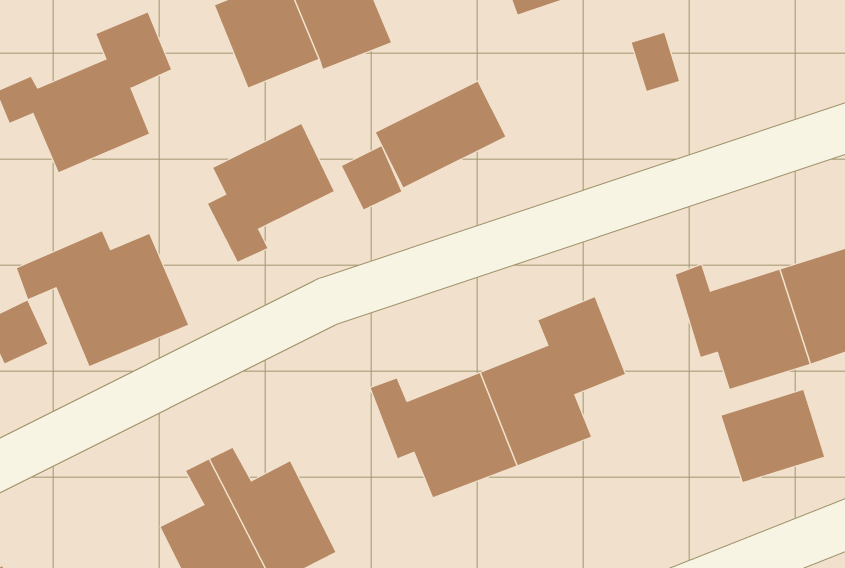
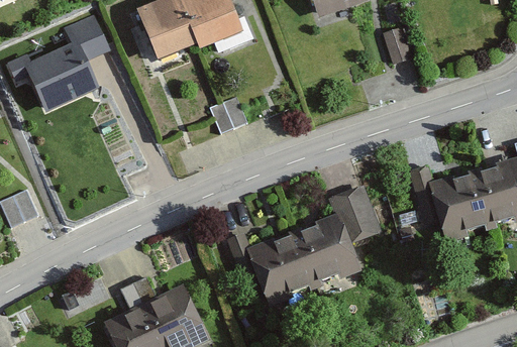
building: [375,81,506,188] -> none
building: [207,123,335,262] -> none
building: [16,230,189,367] -> none
building: [721,389,825,483] -> none

